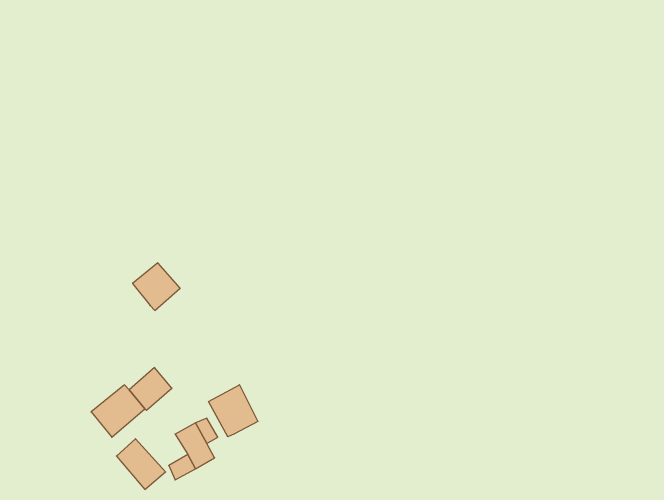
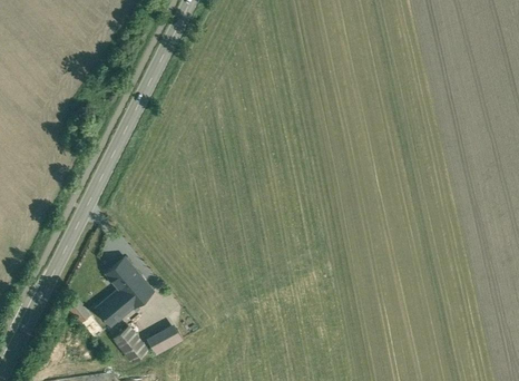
building: [133,263,180,310] -> [106,258,139,292]
building: [209,385,258,437] -> none

